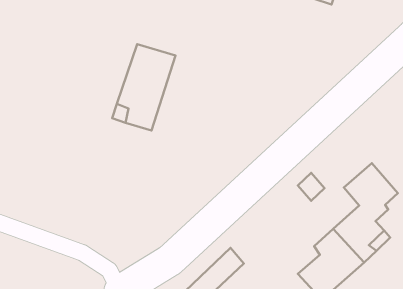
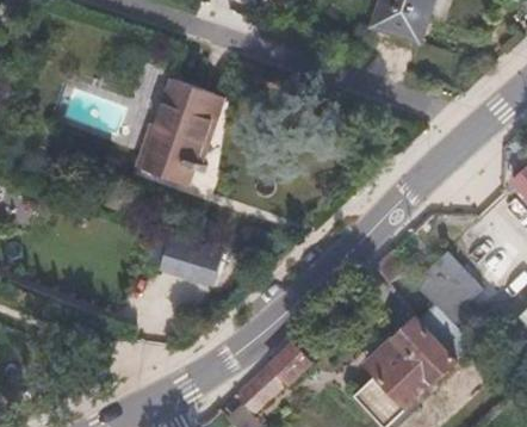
building: none -> [154,236,218,287]

